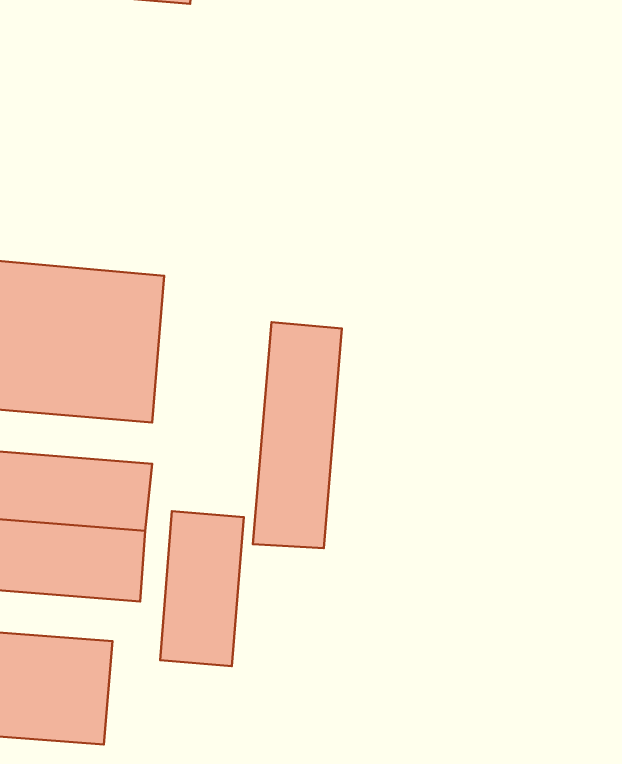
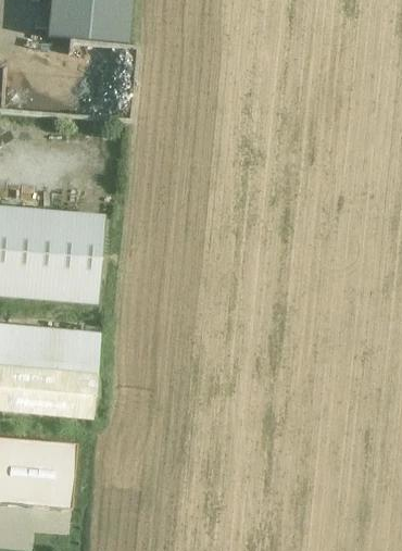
building: [253,322,342,548] -> none
building: [160,511,244,666] -> none

